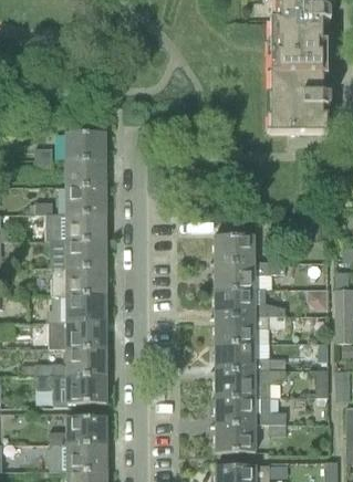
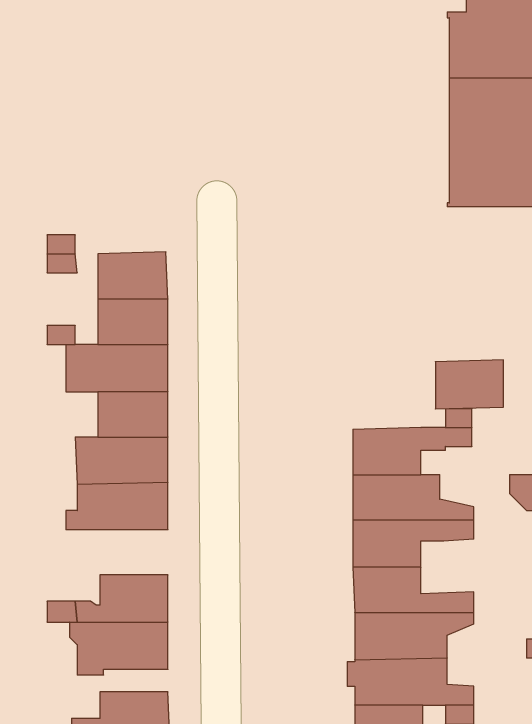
building: [65,132,105,160] -> none
building: [215,234,255,263] -> [435,360,503,409]
building: [46,322,106,348] -> none

